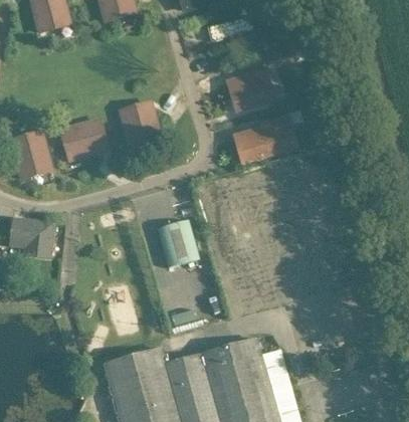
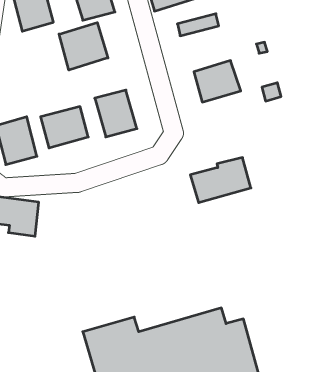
building: none -> [59,23,108,70]
building: [231,115,297,164] -> [190,158,251,203]
building: [157,219,199,267] -> none

